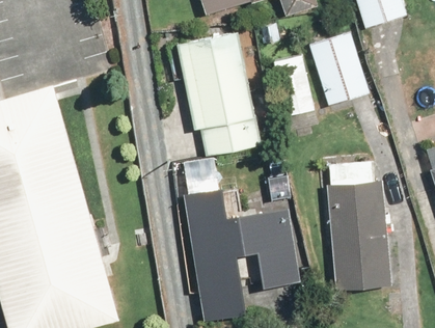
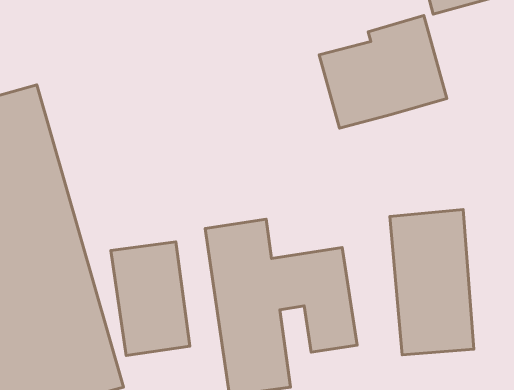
building: [175,29,265,158] -> none
building: none -> [111,242,190,356]

